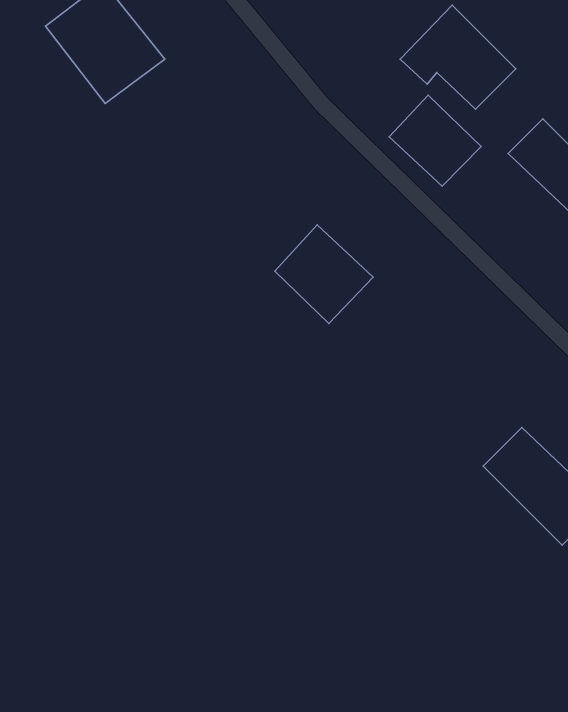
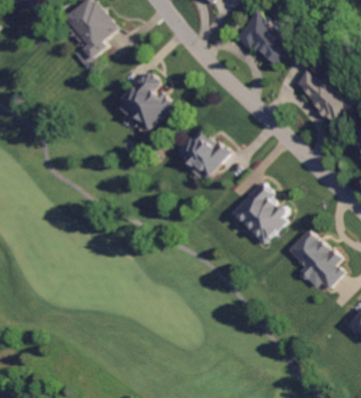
building: [389,95,481,186] -> none
building: none -> [117,76,174,134]
building: none -> [228,181,292,247]

